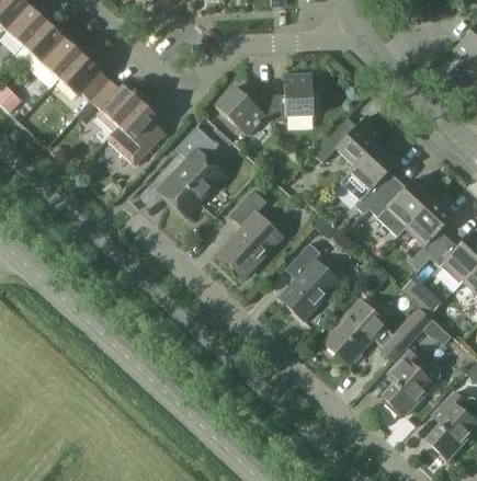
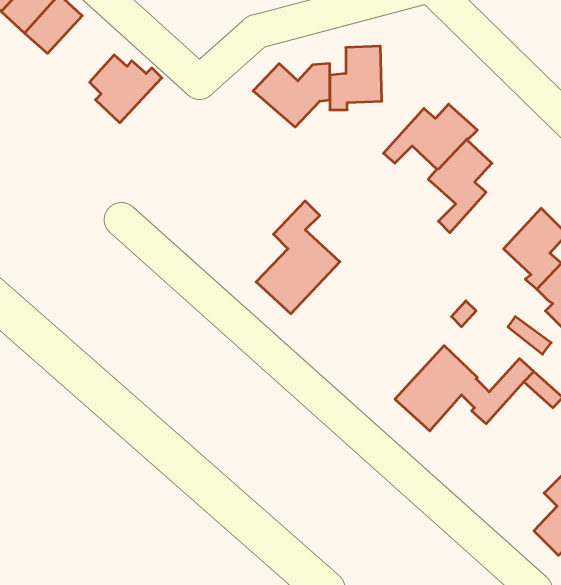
building: [59,49,110,100] -> none
building: [109,96,164,162] -> none
building: [158,125,224,216] -> none
building: [373,177,433,226] -> none
building: [277,243,339,320] -> none
building: [384,350,440,415] -> none

